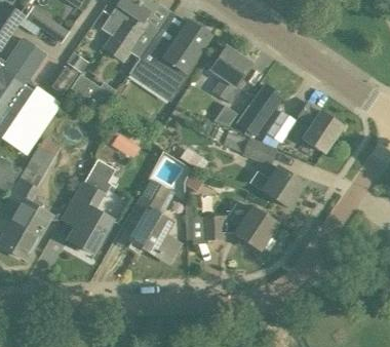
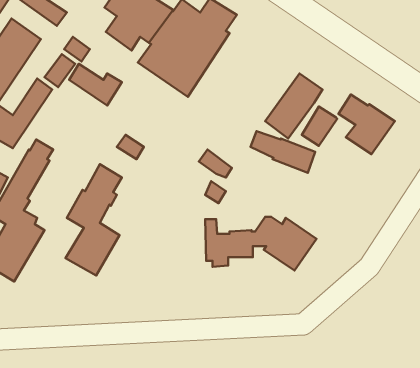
building: [211,45,252,114] -> none
building: [248,165,305,206] -> none
building: [128,180,181,260] -> none

